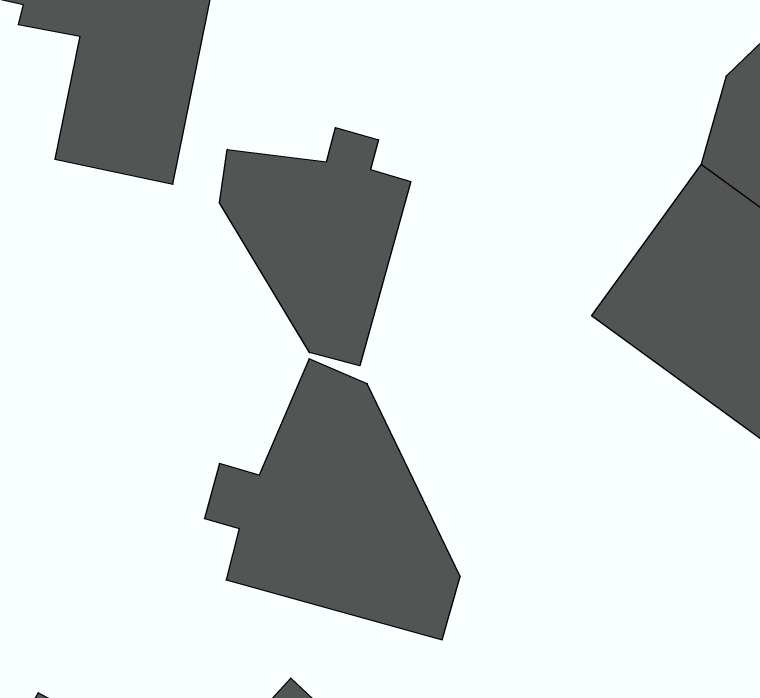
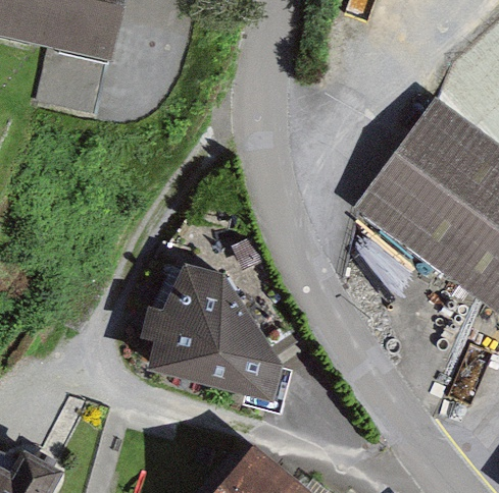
building: [219,128,411,366] -> none

